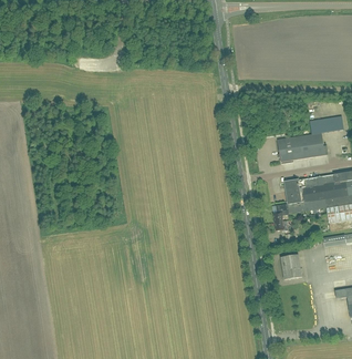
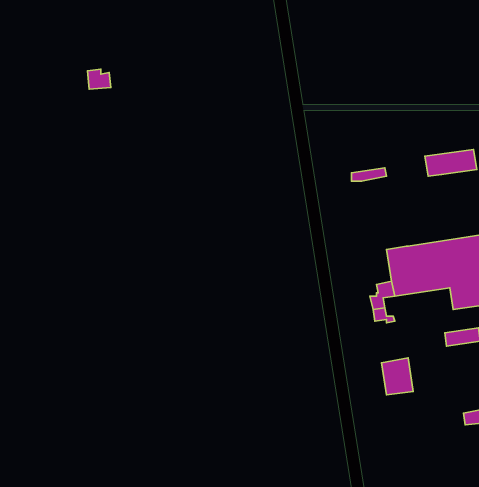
building: [277,132,328,163] -> none

